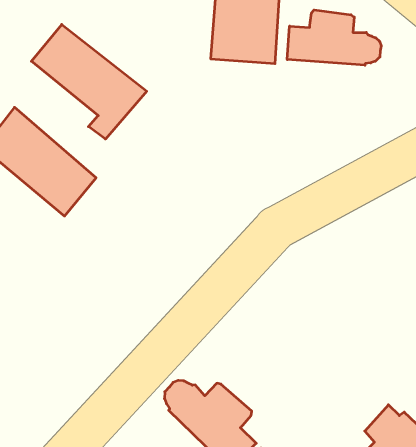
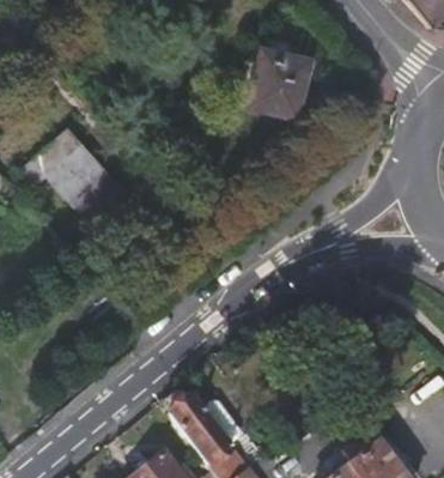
building: [287,10,381,65] -> none
building: [31,24,147,139] -> none

